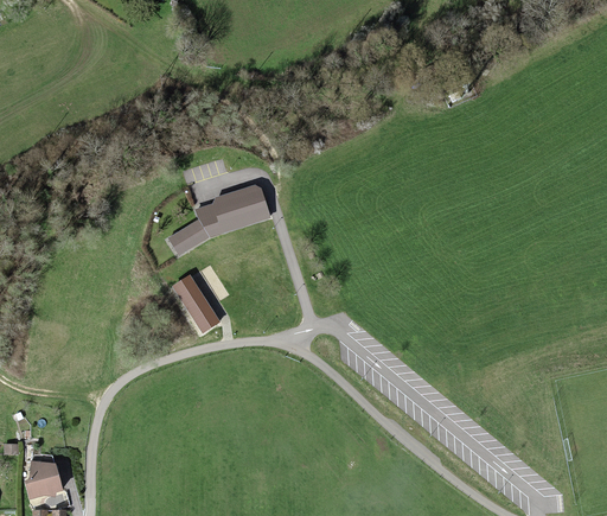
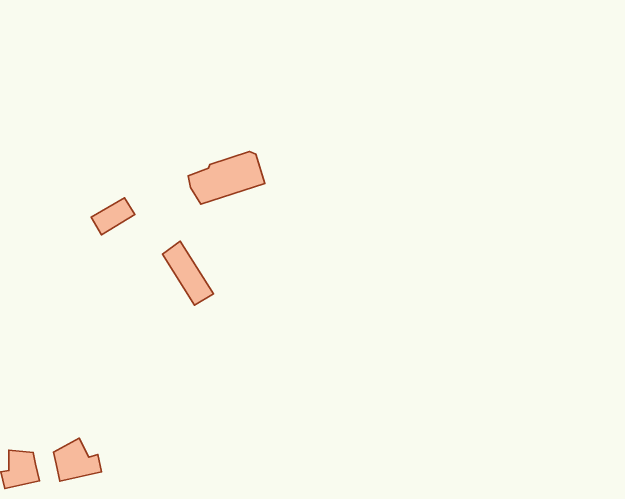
building: [168,221,209,255] -> [91,198,135,235]
building: none -> [53,438,102,481]

